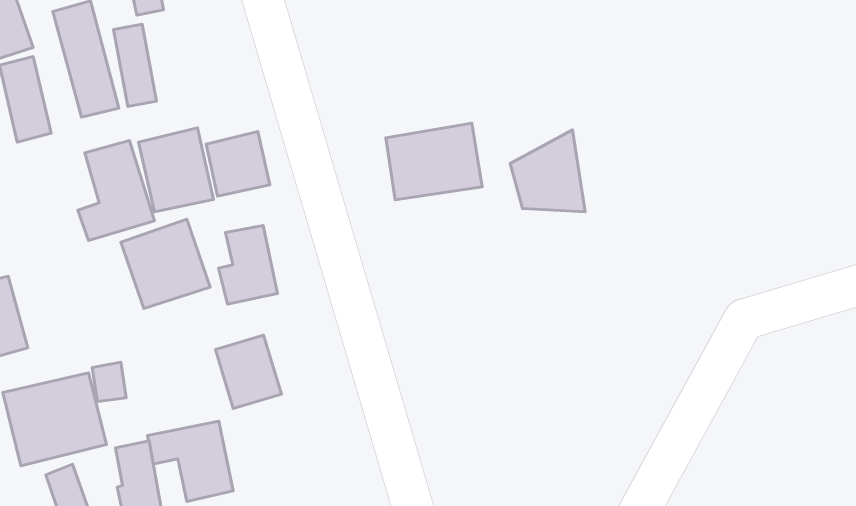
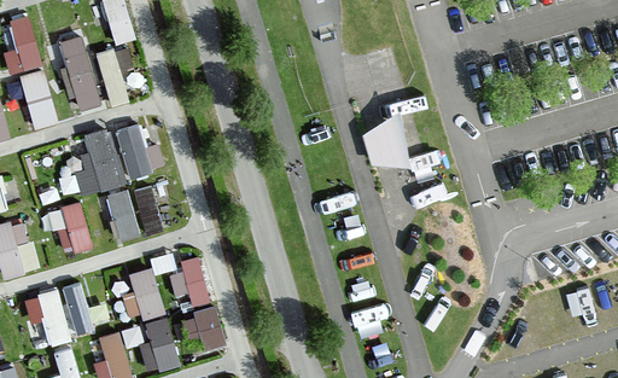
building: [386,123,482,200] -> none
building: [206,132,270,196] -> none
building: [218,225,277,304] -> [122,267,162,320]
building: none -> [62,203,86,250]
building: none -> [179,306,225,351]

